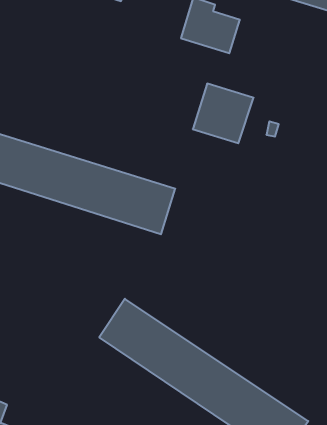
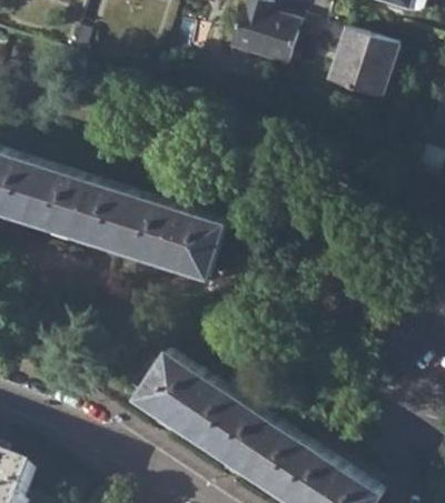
building: [193,84,254,143] -> [326,30,397,100]

